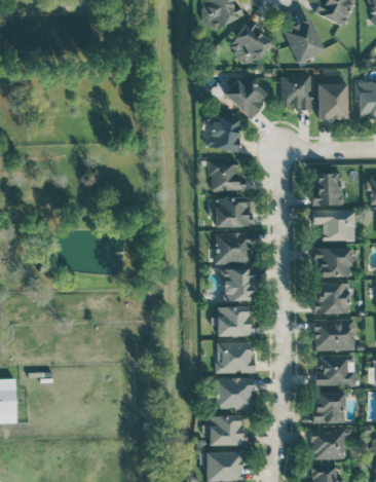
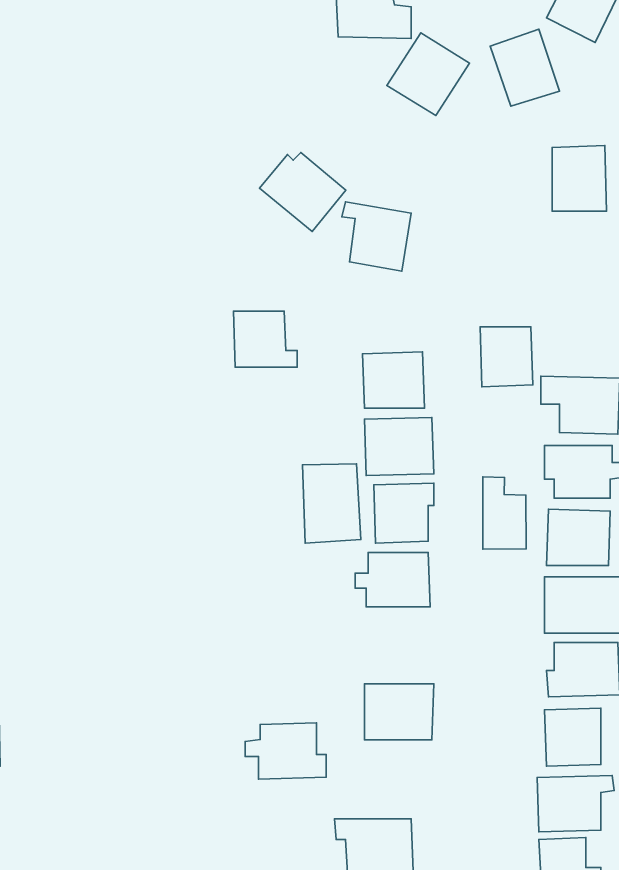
building: [221,74,268,117] -> [259,153,346,231]
building: [283,75,312,109] -> none
building: [210,160,245,191] -> [233,311,297,367]
building: [314,173,343,206] -> [480,327,533,387]
building: none -> [303,464,361,543]
building: none -> [483,477,526,549]
building: [217,342,255,373] -> none
building: [202,415,247,446] -> [245,723,326,779]

